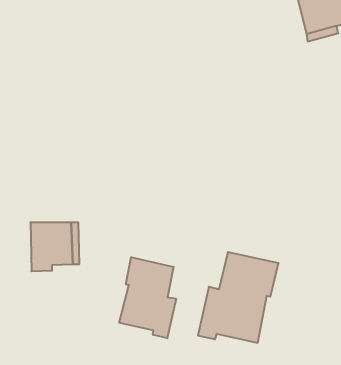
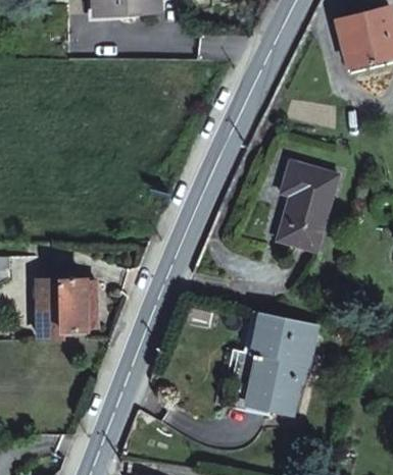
building: none -> [274,162,337,252]
building: [119,257,176,338] -> none

